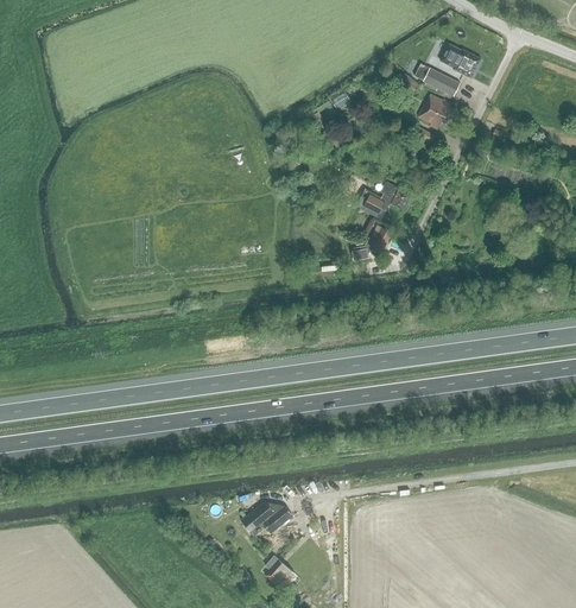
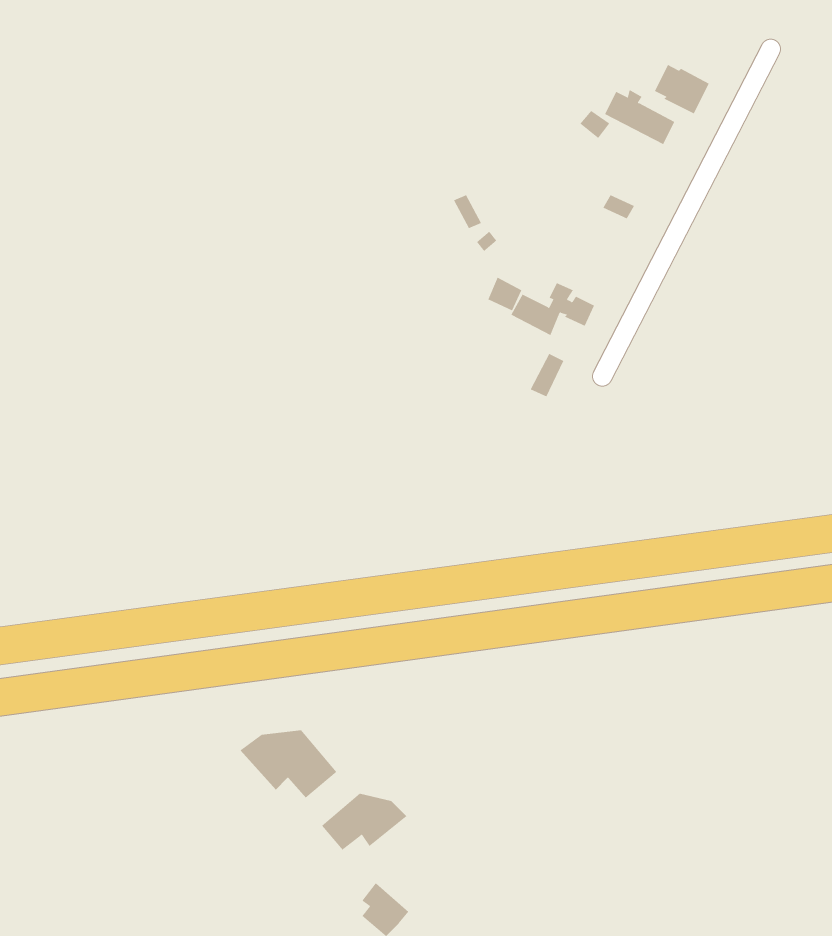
building: [417,93,454,129] -> none
building: none -> [239,729,337,798]

